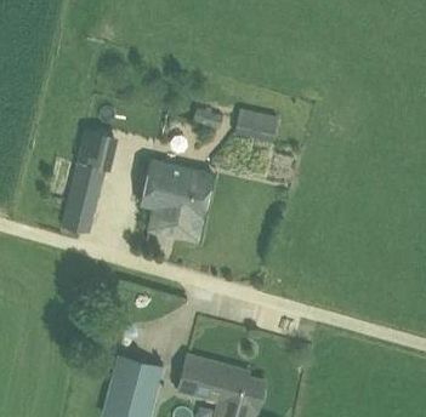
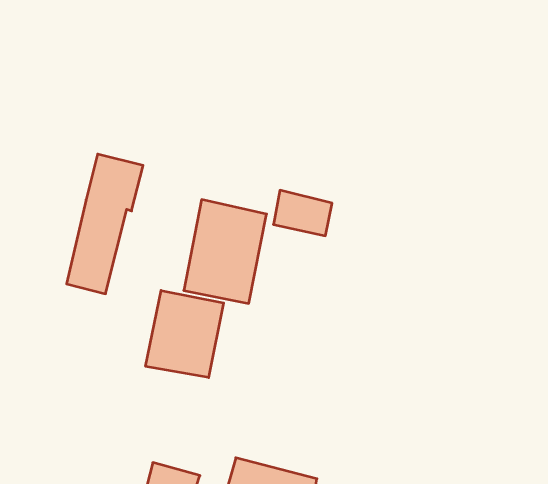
building: [232,108,276,142] -> [273,190,332,236]
building: none -> [146,290,224,378]

